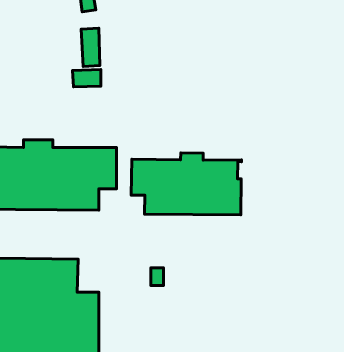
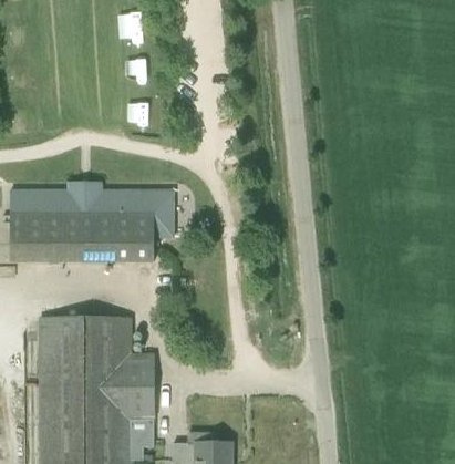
building: [131,153,242,215] -> none

